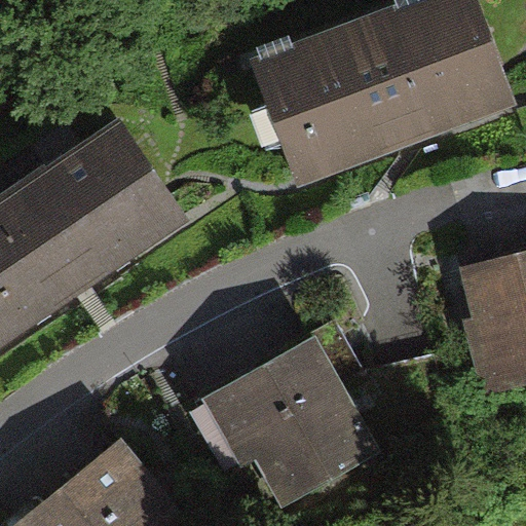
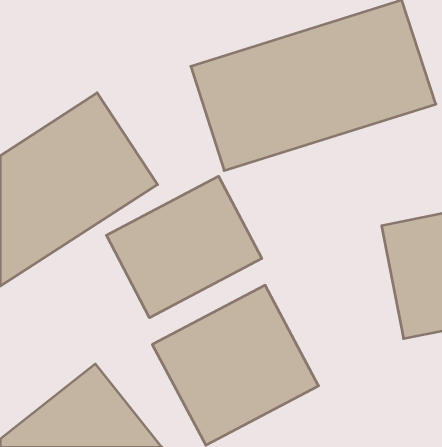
building: none -> [106,176,262,318]

